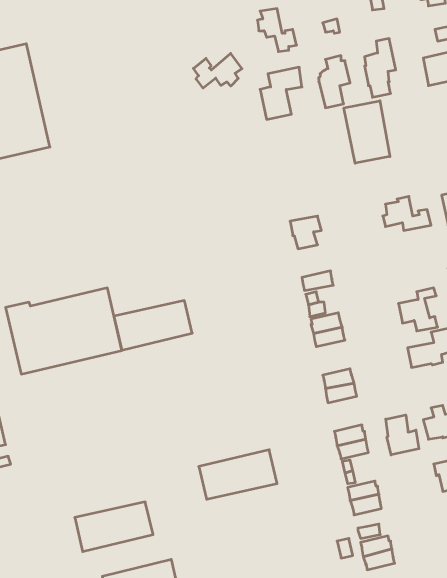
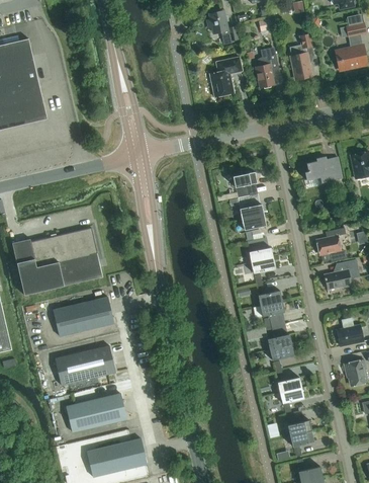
building: [193,53,242,88] -> none
building: [344,101,390,163] -> none
building: none -> [239,194,264,220]
building: [114,301,192,350] -> [53,298,113,336]
building: [386,415,419,455] -> none
building: [199,450,277,499] -> [55,346,115,385]

